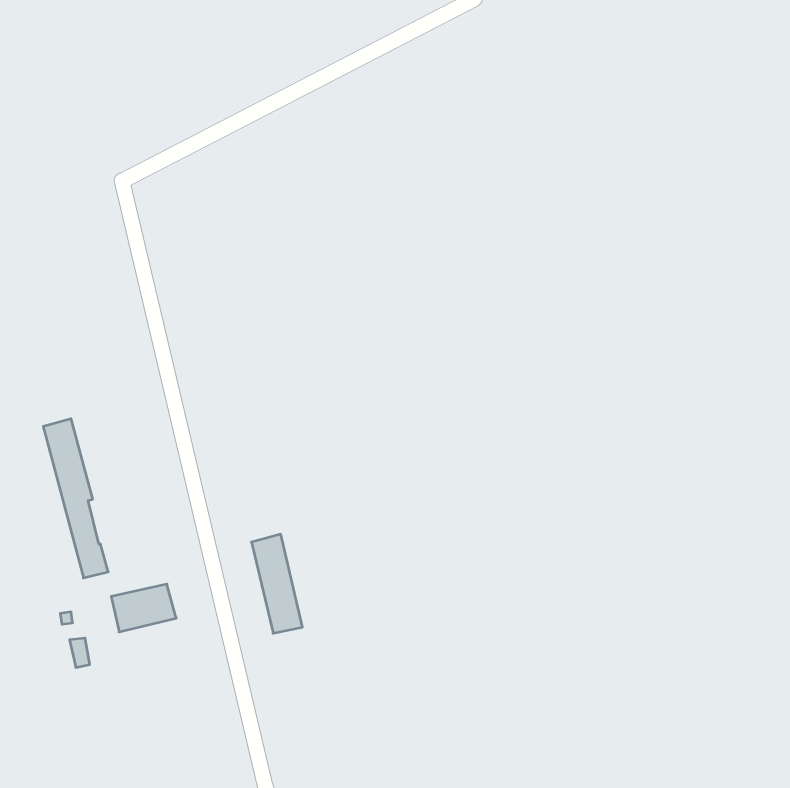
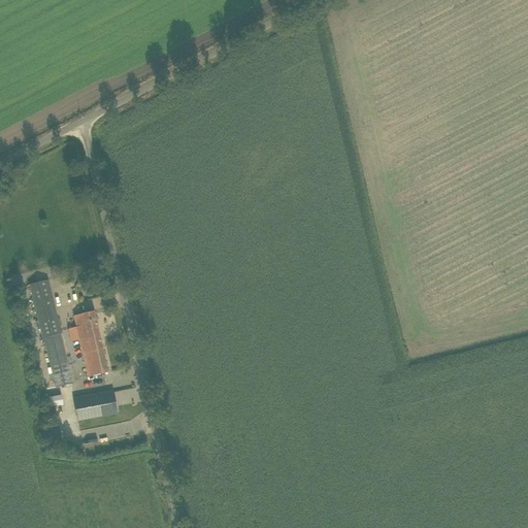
building: [251,534,302,633] -> [73,309,107,375]

